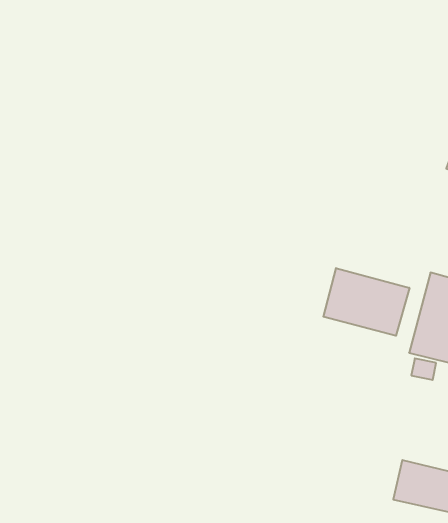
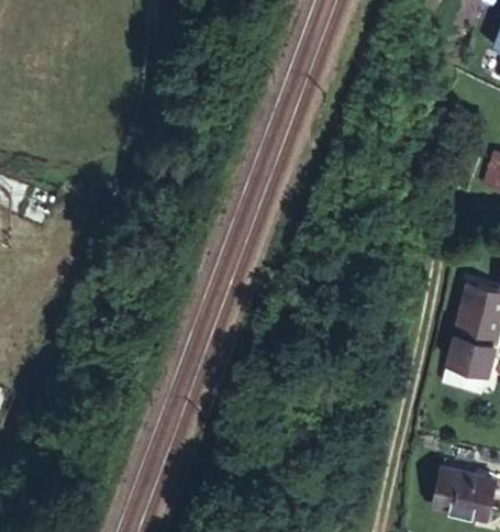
building: [323,268,409,336] -> none

